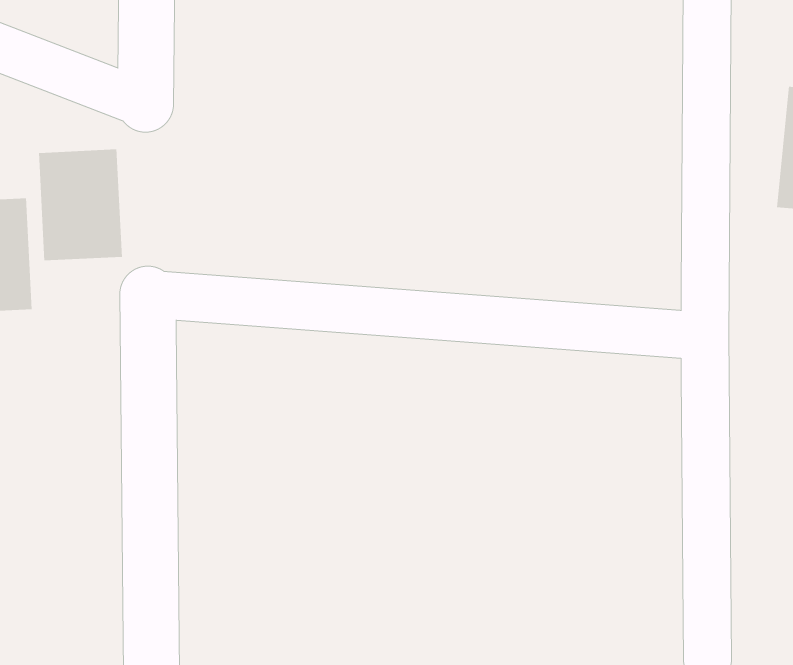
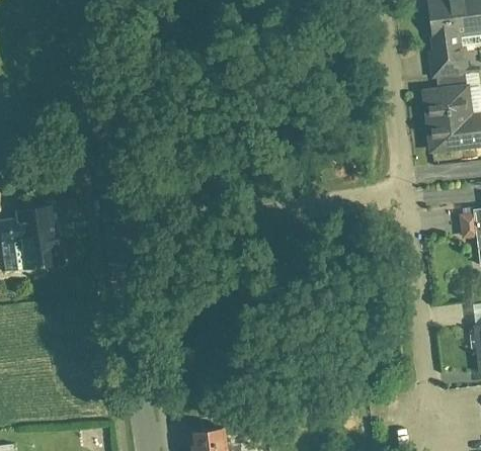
building: [38,148,122,261] -> none

